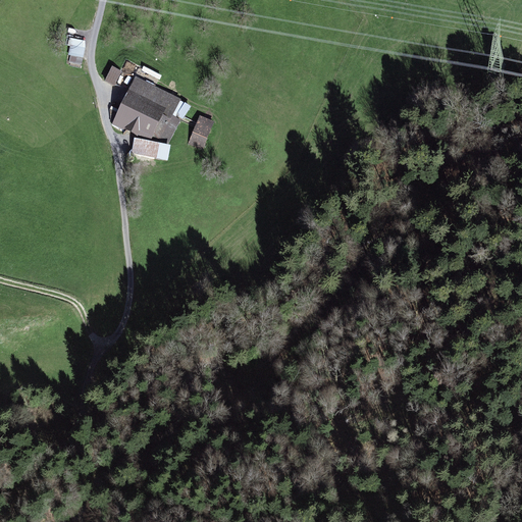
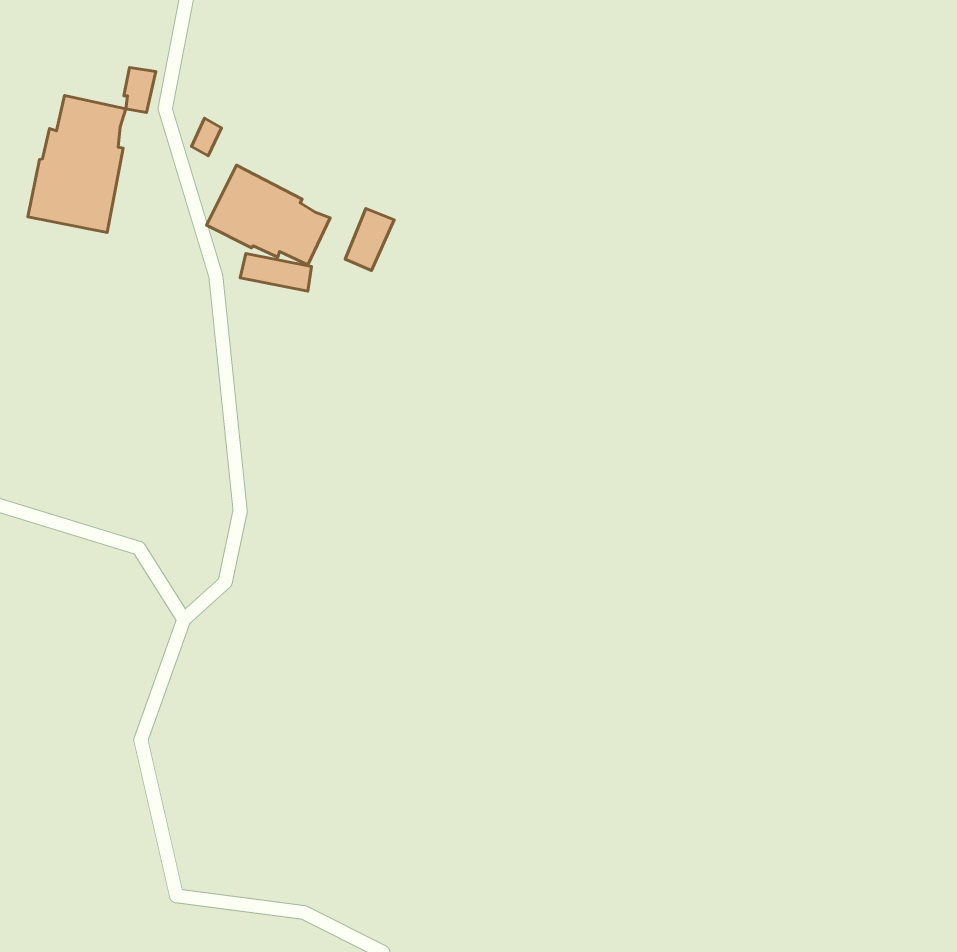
building: none -> [28,96,126,233]
building: [128,75,180,115] -> none

